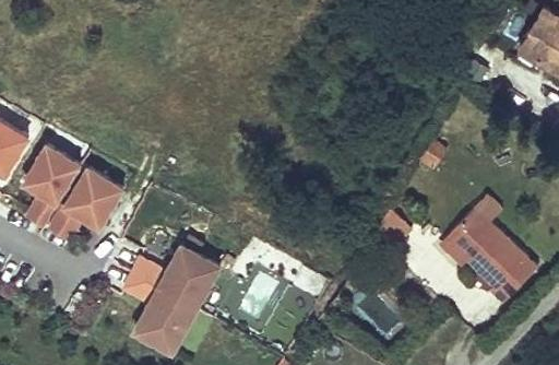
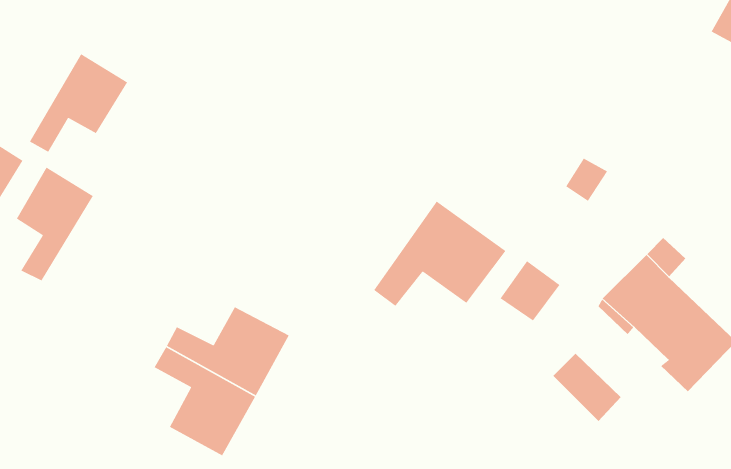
building: [50,168,121,239] -> [29,53,128,153]
building: none -> [373,200,506,307]
building: [354,289,403,338] -> [553,353,621,422]

